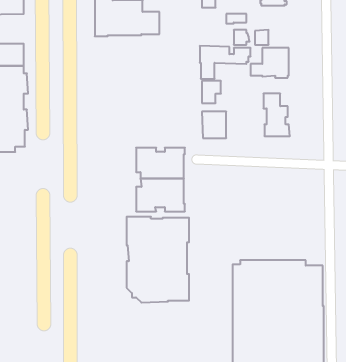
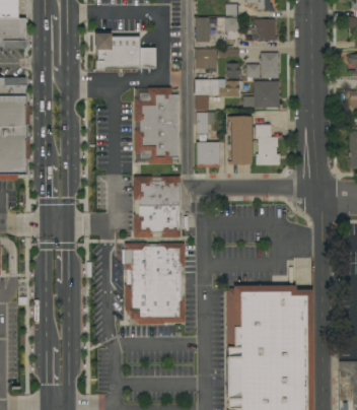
building: none -> [196,50,218,69]
building: none -> [262,53,280,78]
building: none -> [135,88,180,164]
building: none -> [227,117,253,164]

